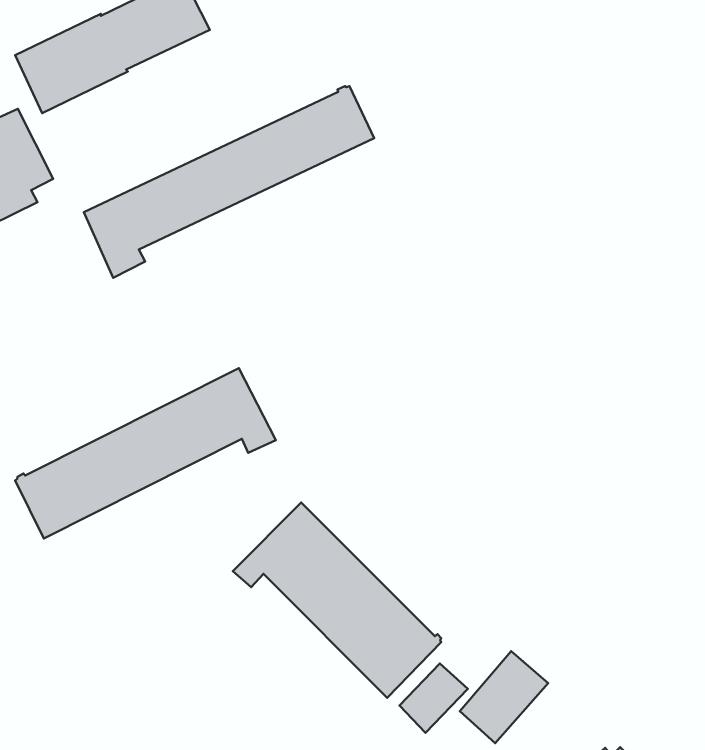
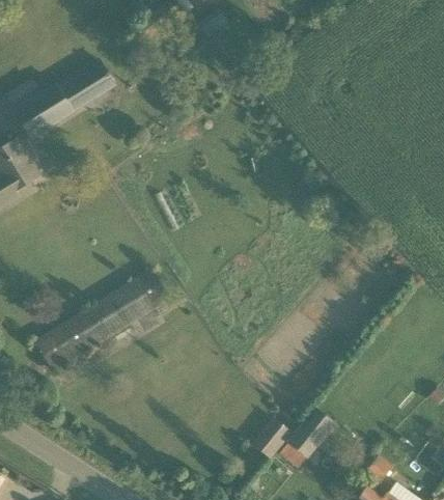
building: [84,86,374,278] -> none
building: [233,502,441,698] -> none

